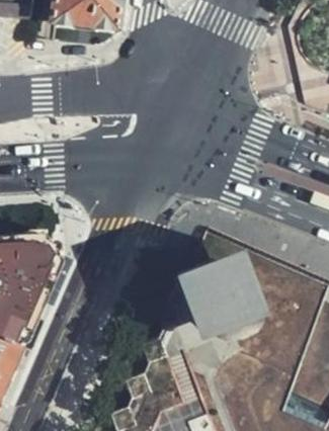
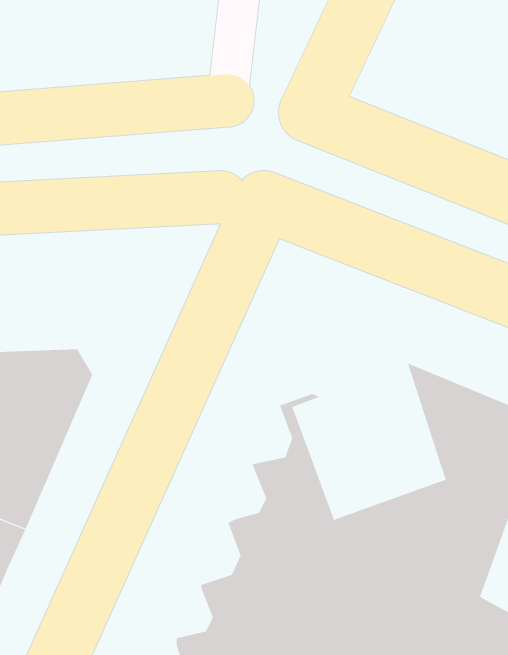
building: [178,251,267,343] -> none

